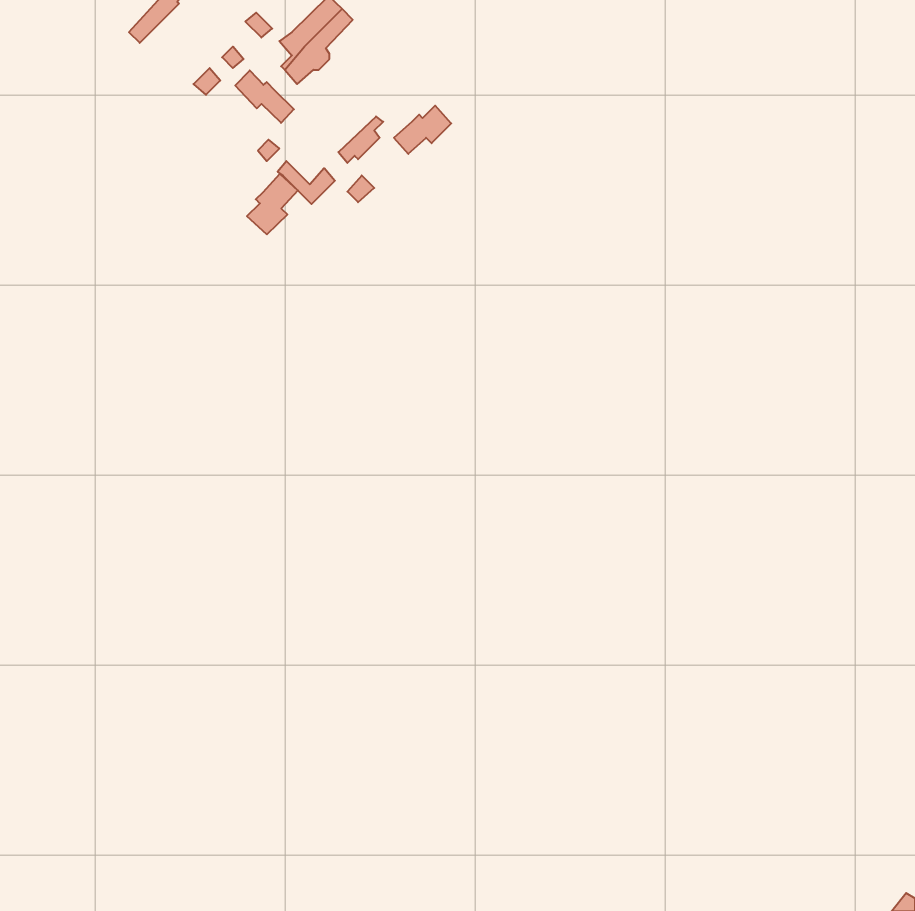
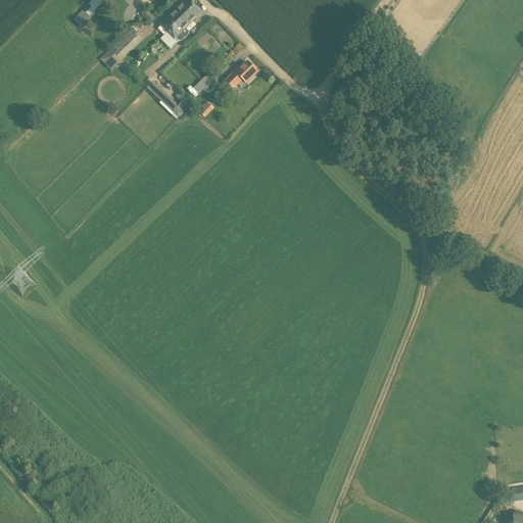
building: [235,70,294,123] -> none
building: [247,174,298,234] -> none

